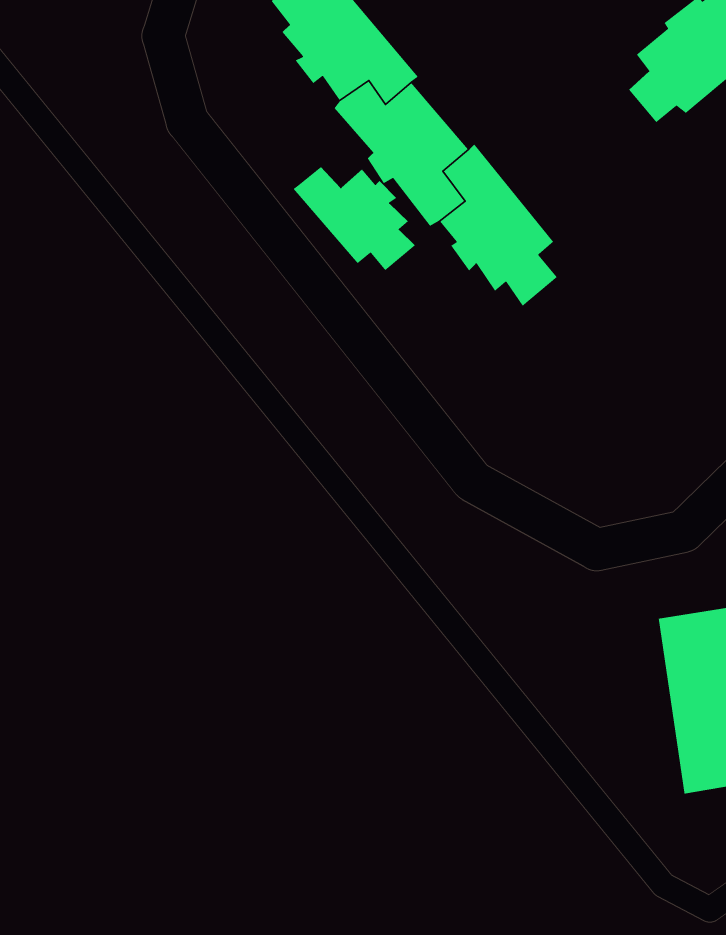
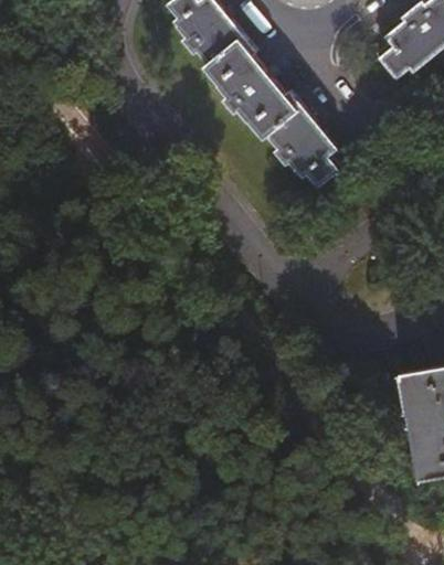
building: [292,166,416,271] -> none

